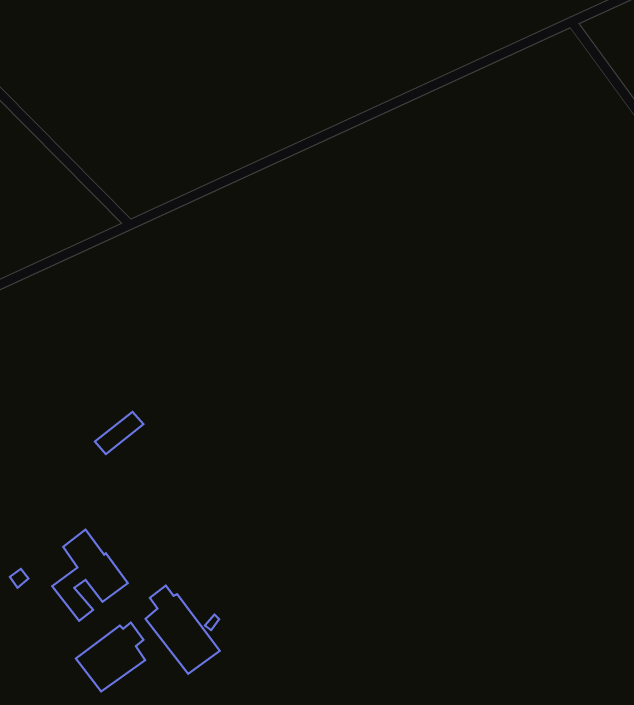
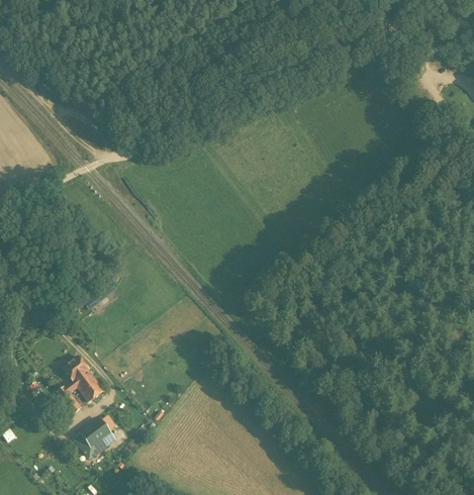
building: [145,585,220,674] -> none

